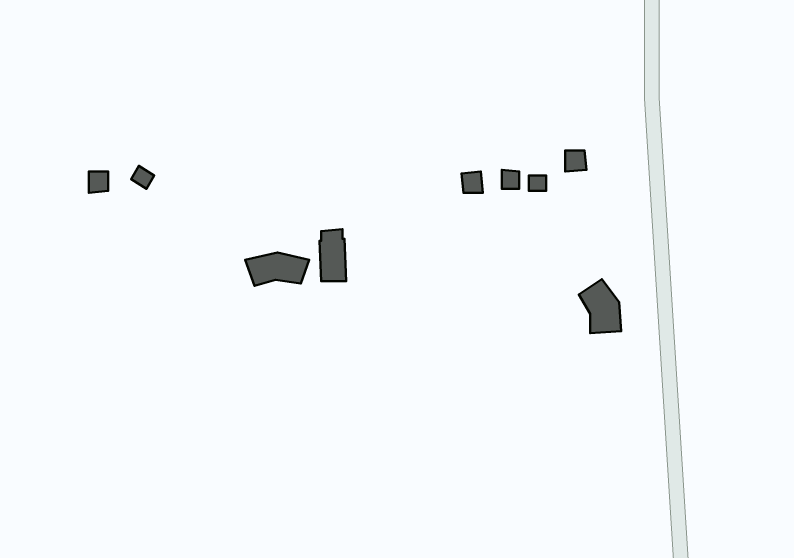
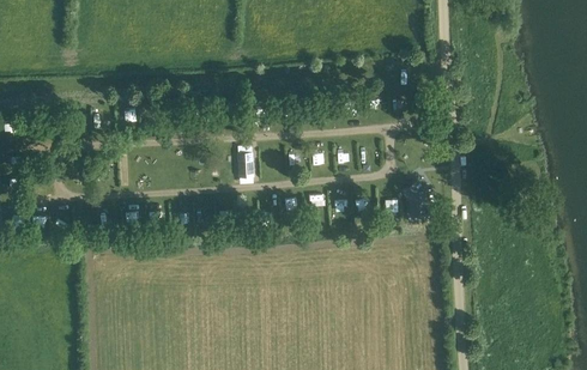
building: [245,253,309,286] -> none

